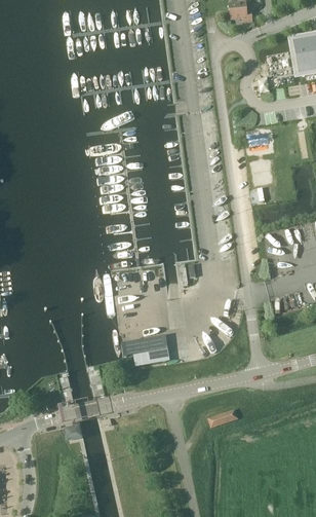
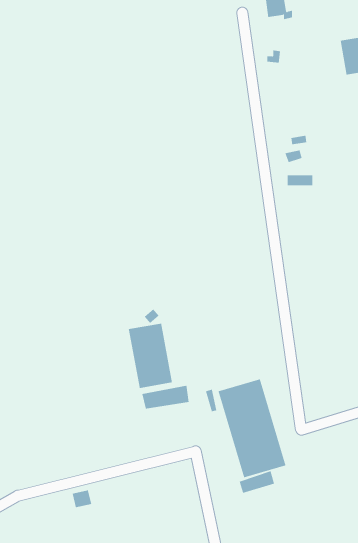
building: none -> [128,323,173,389]
building: none -> [218,378,286,478]

